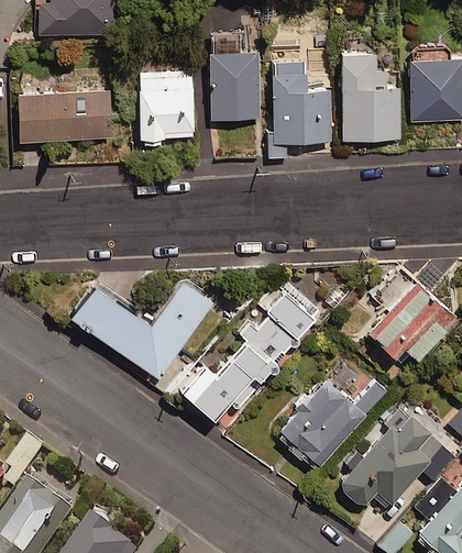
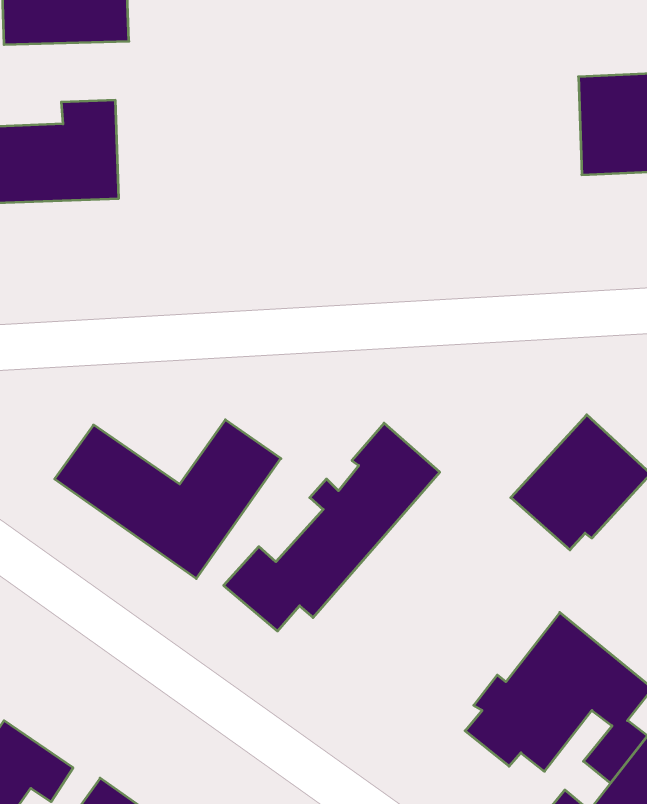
building: [338,49,400,142] -> none
building: [208,51,260,120] -> none
building: [268,58,330,159] -> none
building: [135,66,193,140] -> none
building: [273,377,387,471] -> none

